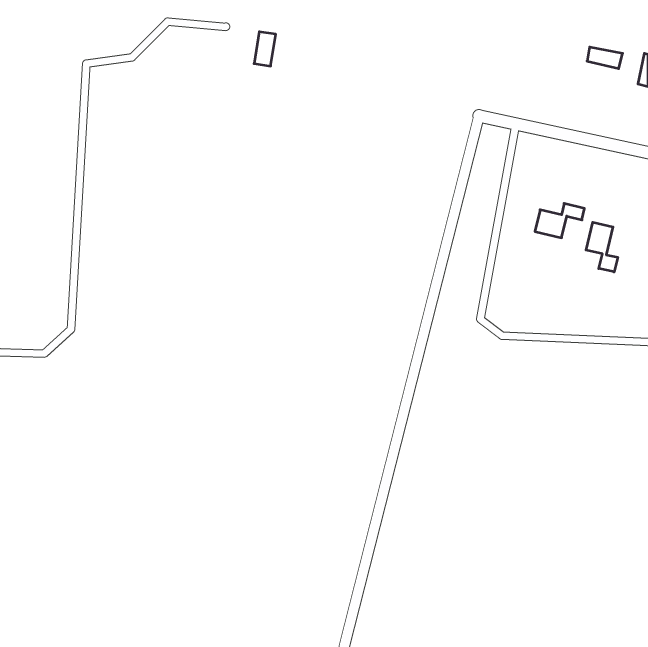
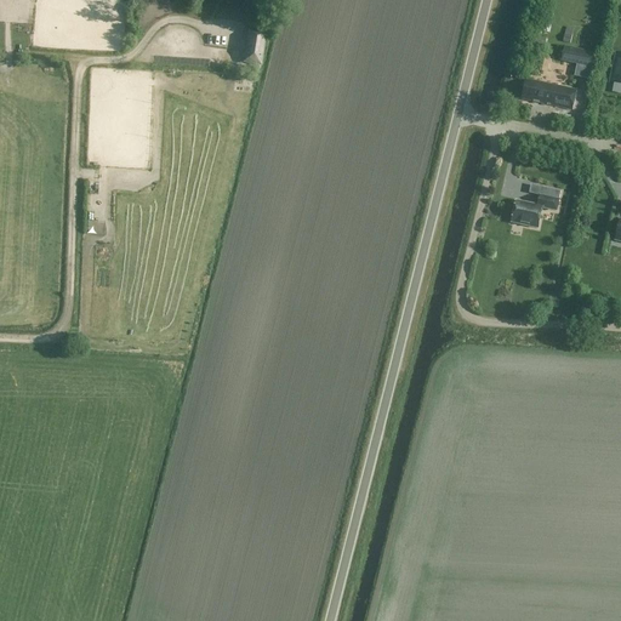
building: none -> [520,78,575,109]
building: [586,222,618,272] -> none

